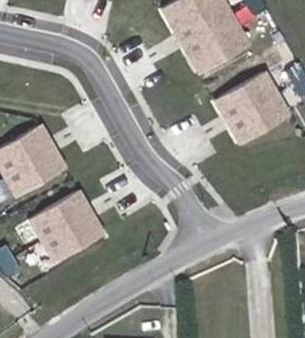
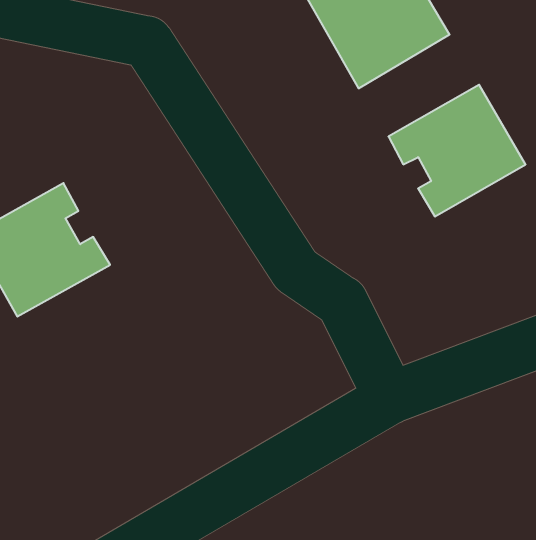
building: [31,191,105,263] -> none

